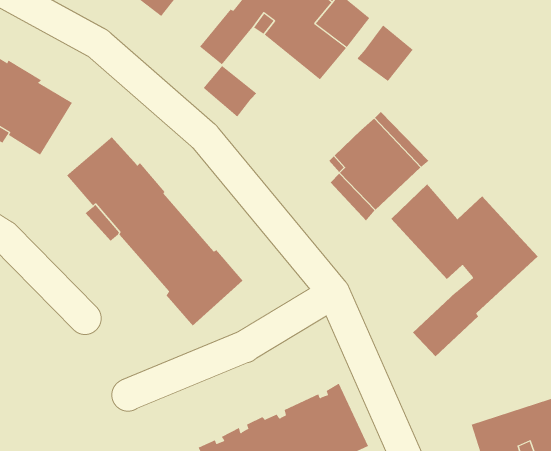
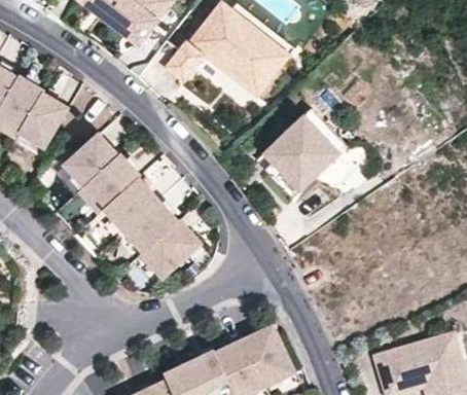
building: [356,25,414,82] -> none
building: [203,65,257,117] -> none
building: [390,184,539,357] -> none

